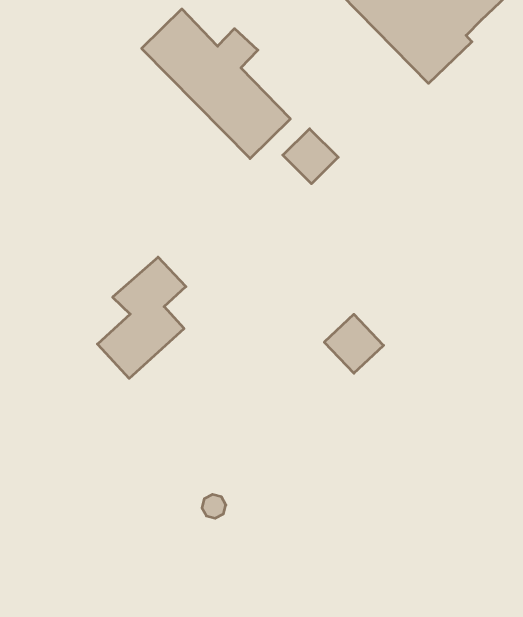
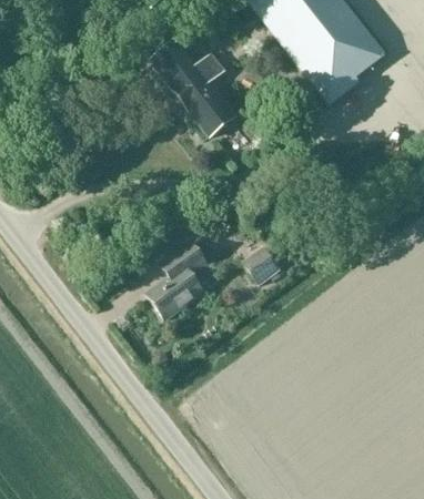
building: [283,129,338,184] -> none
building: [97,257,186,378] -> [147,242,208,317]

